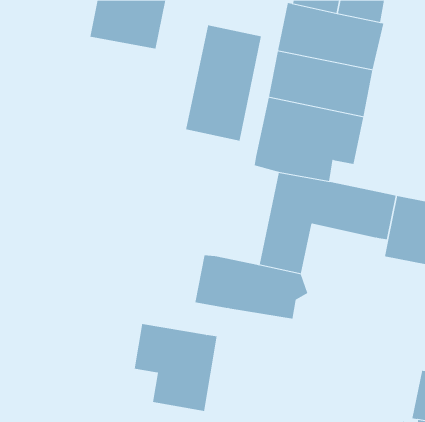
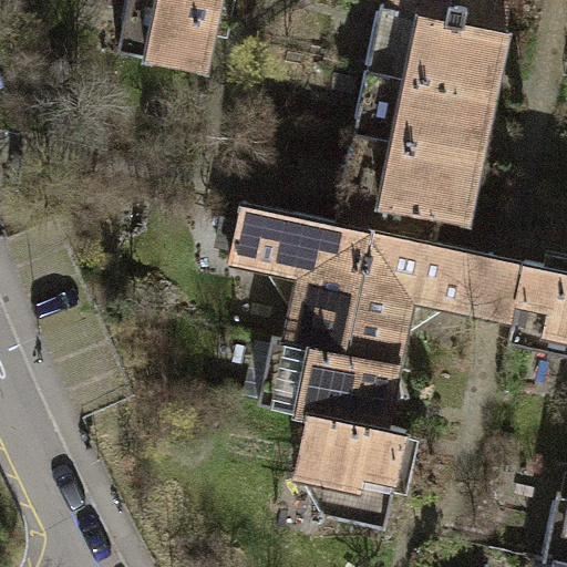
building: [185,24,261,141] -> none
building: none -> [234,206,371,358]
building: [134,324,217,411] -> [295,415,405,532]

